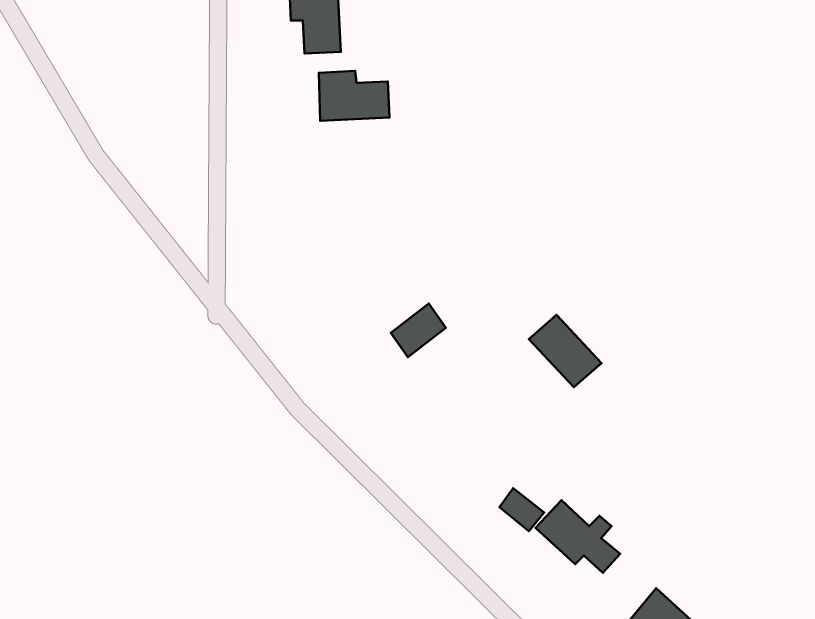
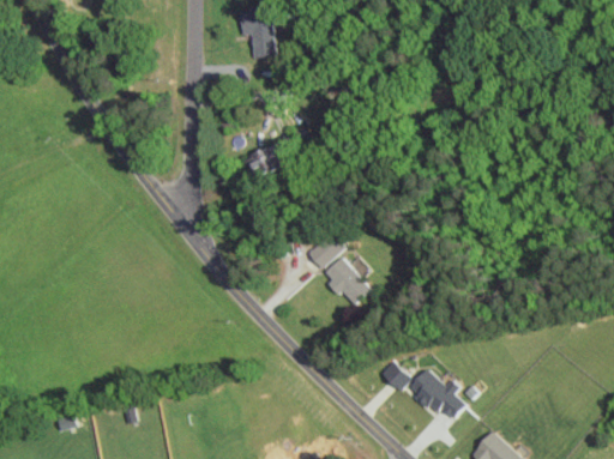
building: [319,71,389,121] -> none
building: none -> [249,143,287,179]
building: [529,315,601,387] -> [320,255,371,306]

